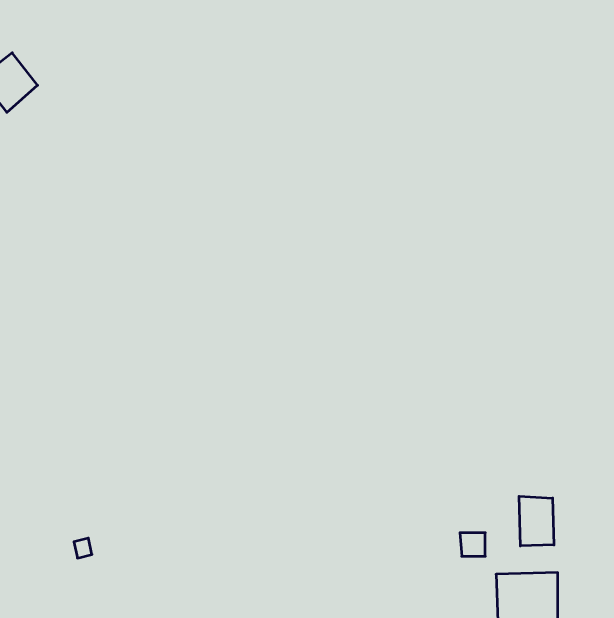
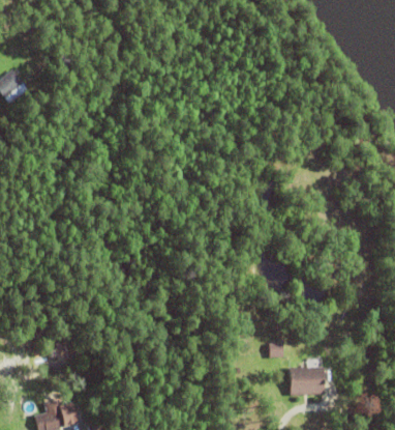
building: [519,496,554,546] -> none

